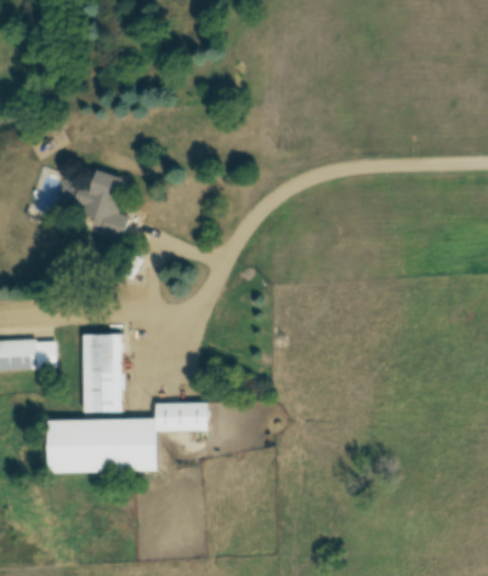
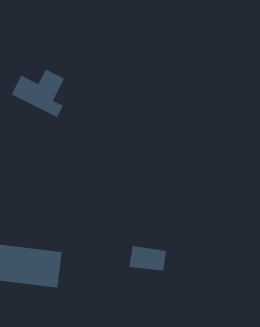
building: [84,333,120,411] -> none
building: [159,403,209,433] -> [129,246,167,271]

